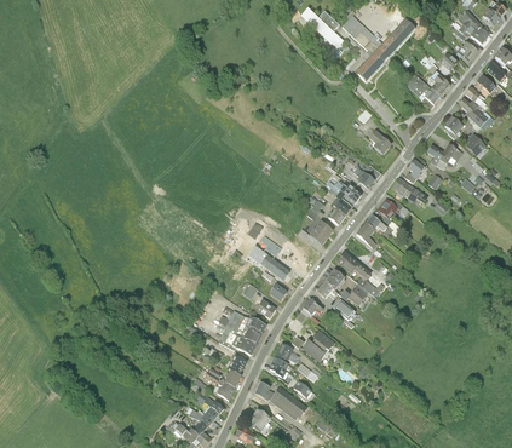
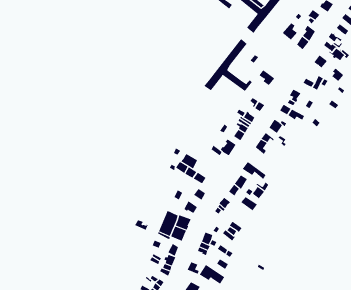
building: none -> [203,38,253,92]

